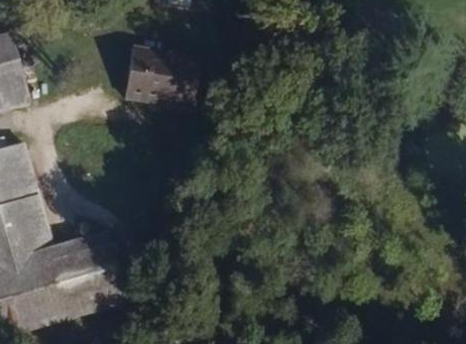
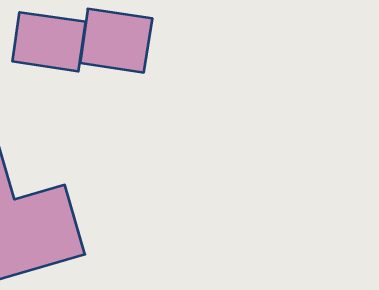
building: none -> [13,12,86,71]

